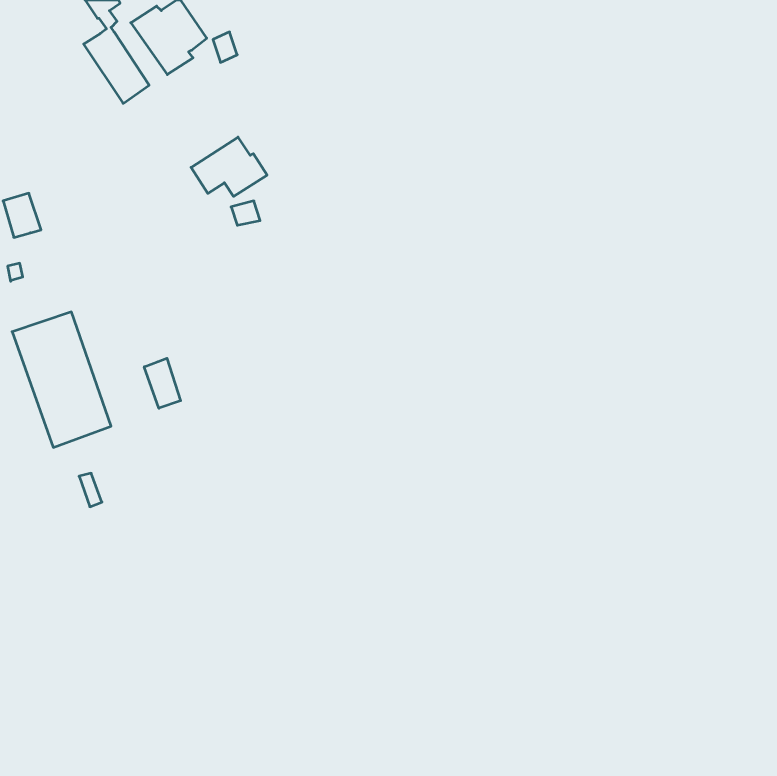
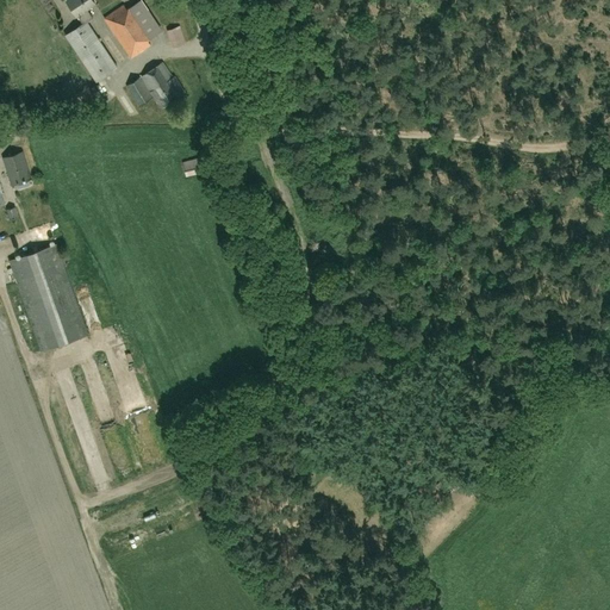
building: [191,137,267,196] -> [126,63,186,110]
building: [144,358,181,408] -> none

